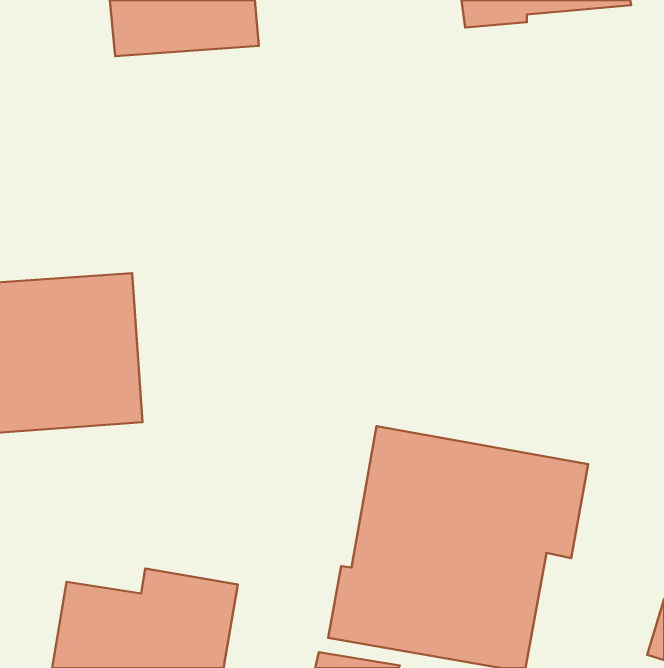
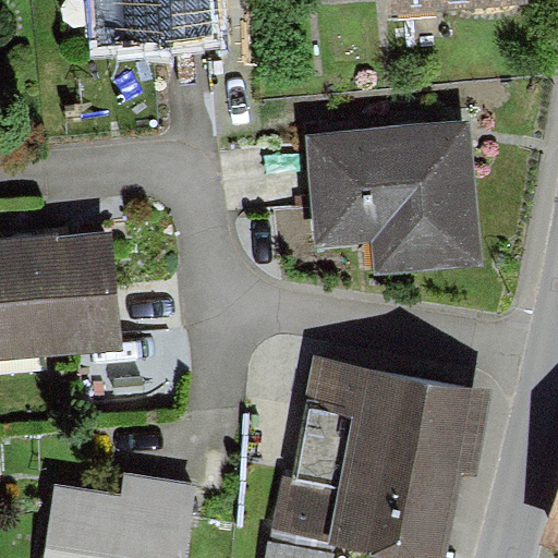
building: none -> [305,121,480,274]

